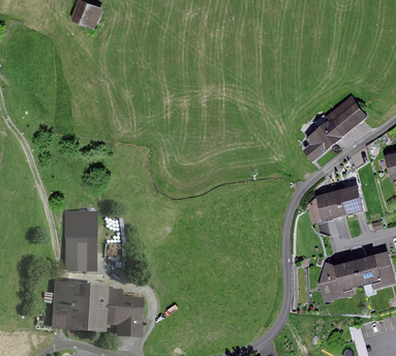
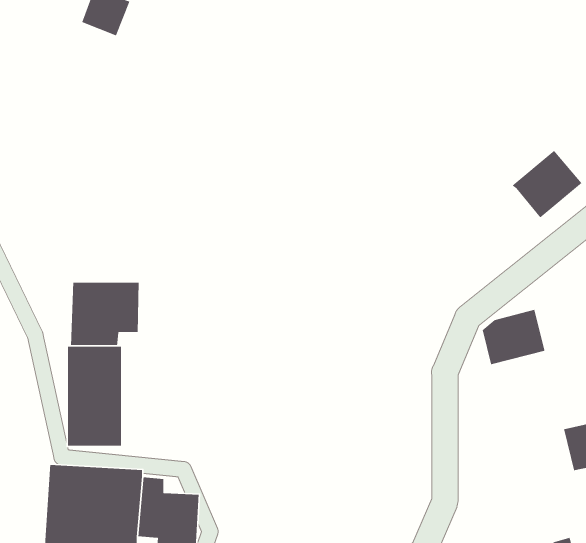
building: [306,119,342,162] -> none
building: none -> [70,282,140,346]
building: [339,185,363,214] -> none
building: [318,260,362,304] -> none

